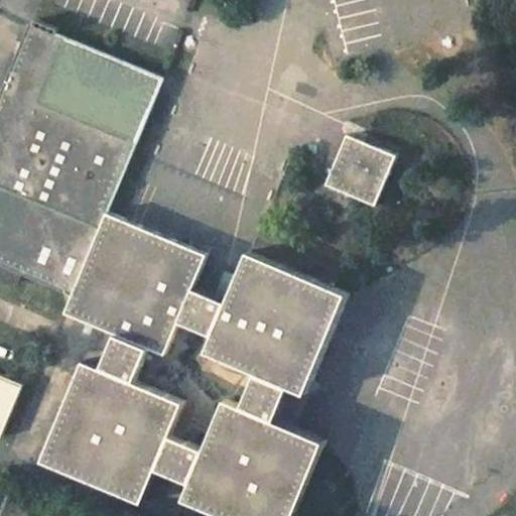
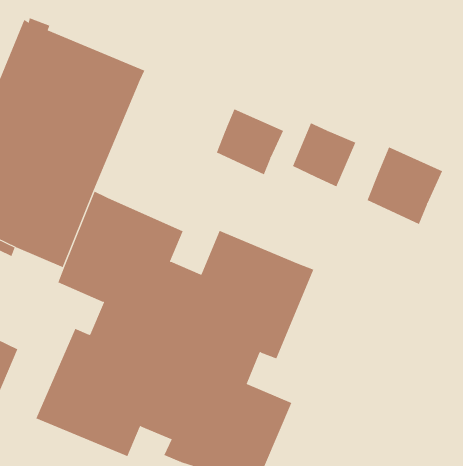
building: none -> [216,108,284,175]
building: none -> [367,146,443,225]

